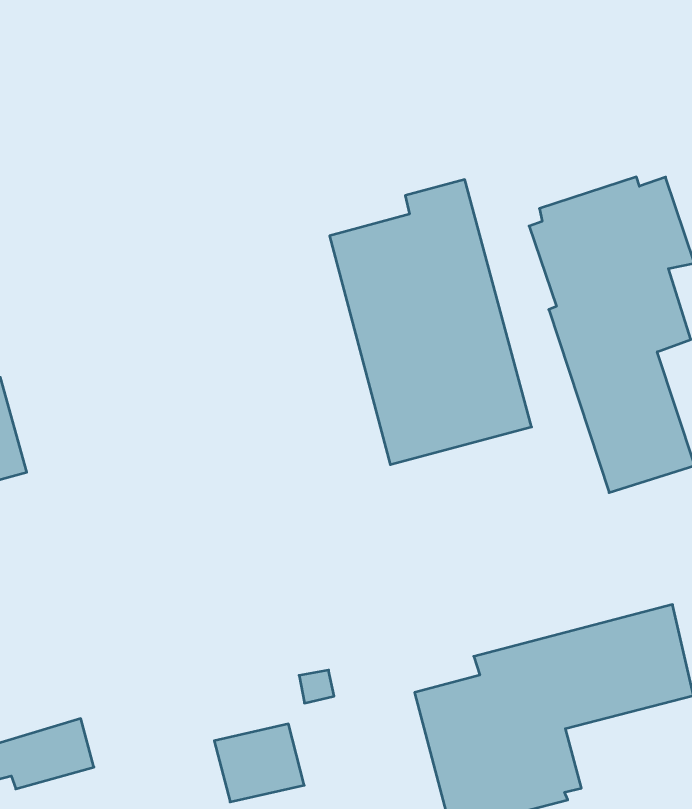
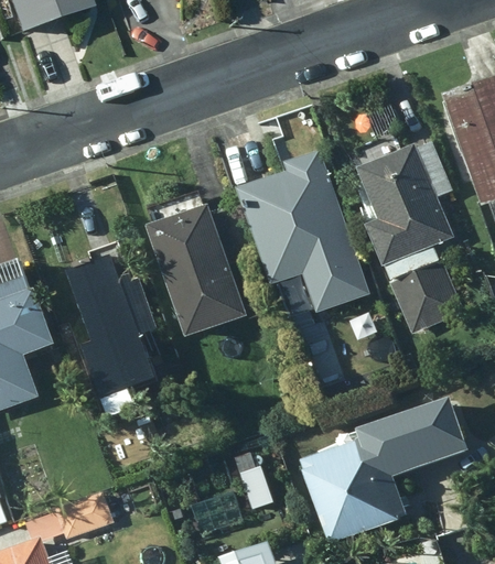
building: none -> [150,191,250,339]
building: none -> [72,254,159,417]

